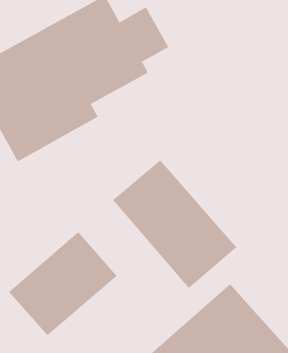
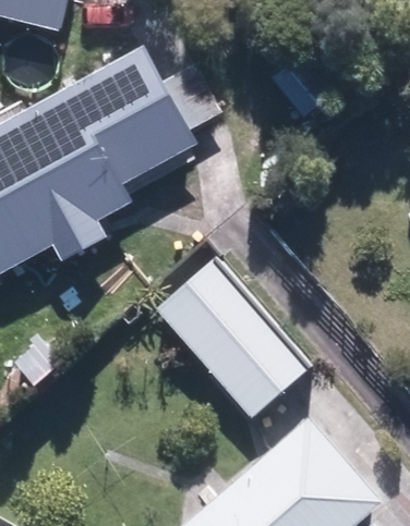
building: [8,231,117,336] -> none

